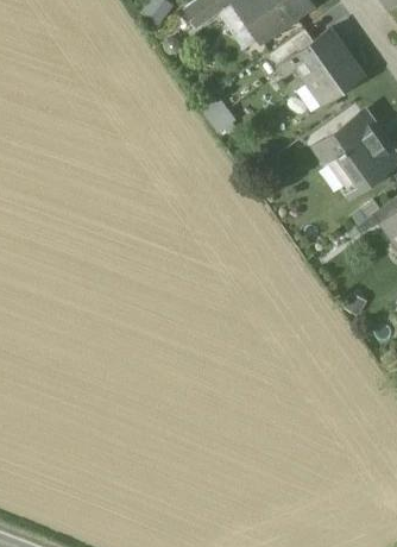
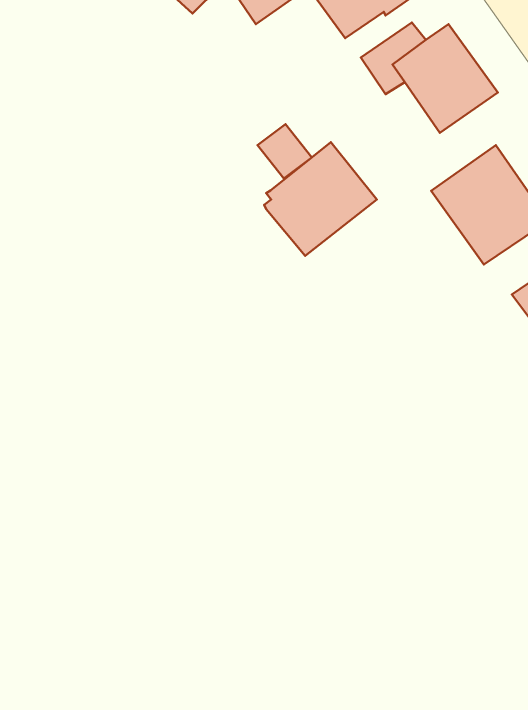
building: none -> [264,142,377,256]

